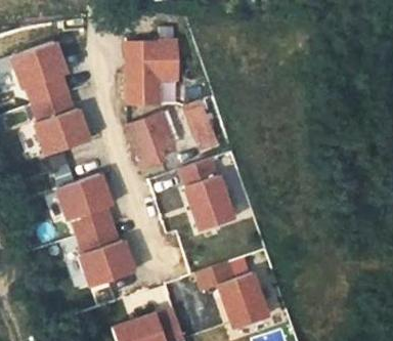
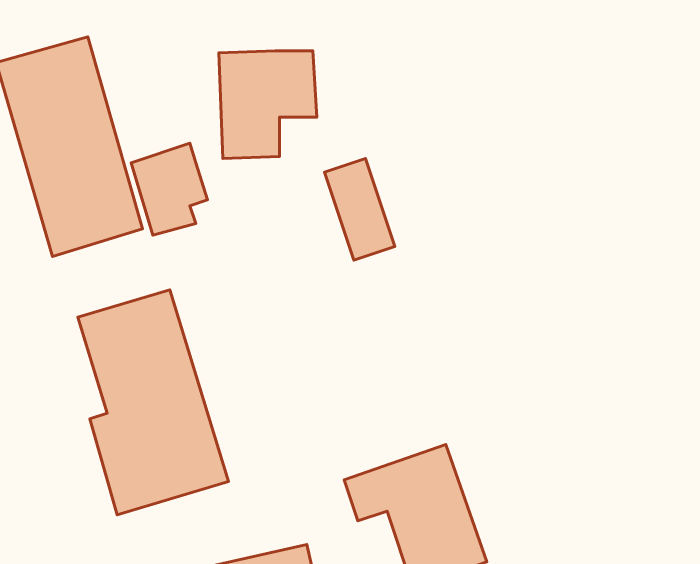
building: [130,119,170,167] -> [131,143,208,235]
building: [176,157,233,230] -> none

